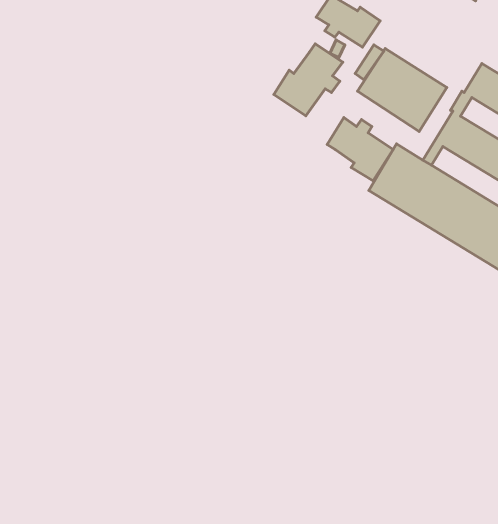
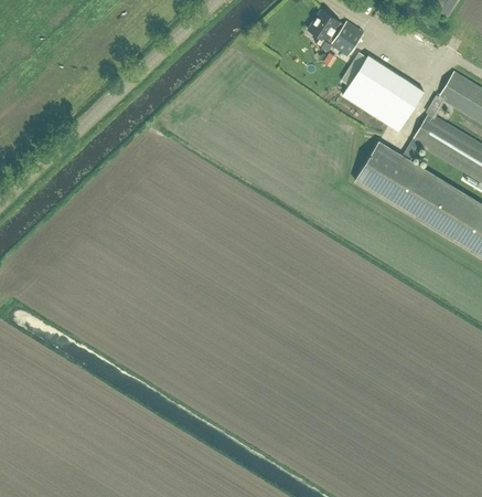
building: [274,44,343,116] -> none
building: [327,118,393,181] -> none

